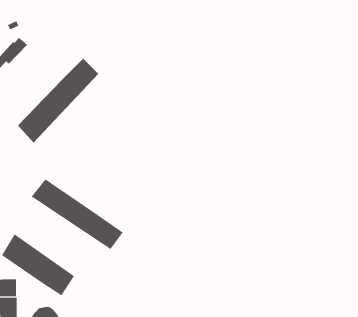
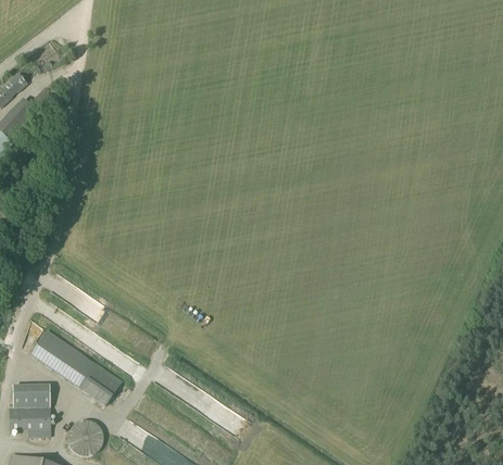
building: [17,58,99,144] -> none
building: [31,179,123,250] -> none

